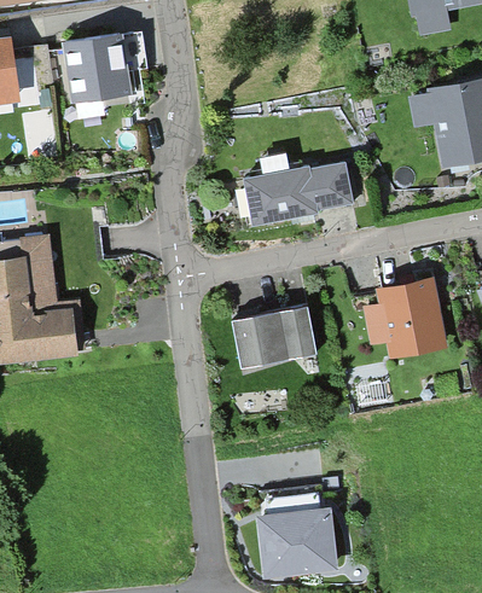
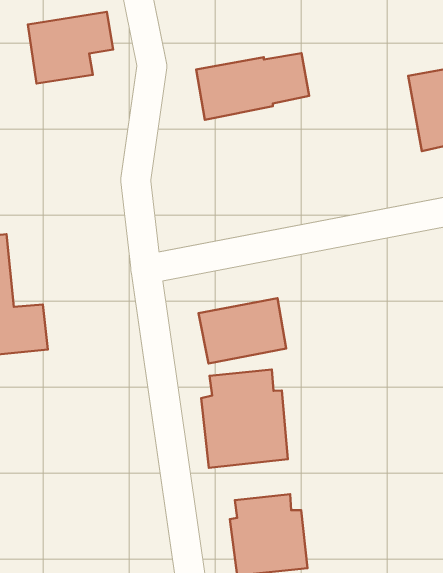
building: [242,163,350,227] -> [196,53,309,120]
building: [379,283,439,354] -> none
building: none -> [201,370,288,468]

